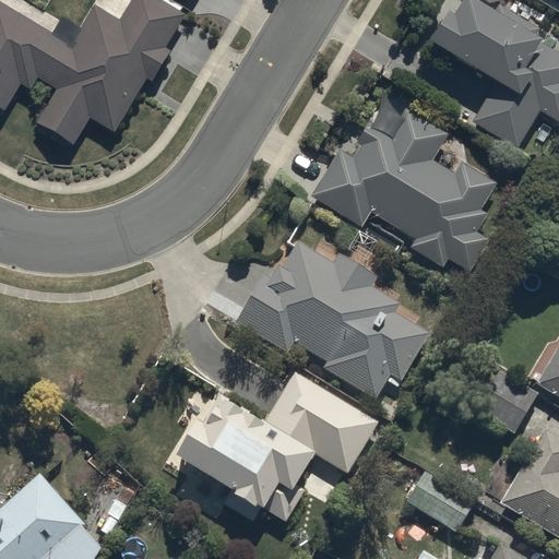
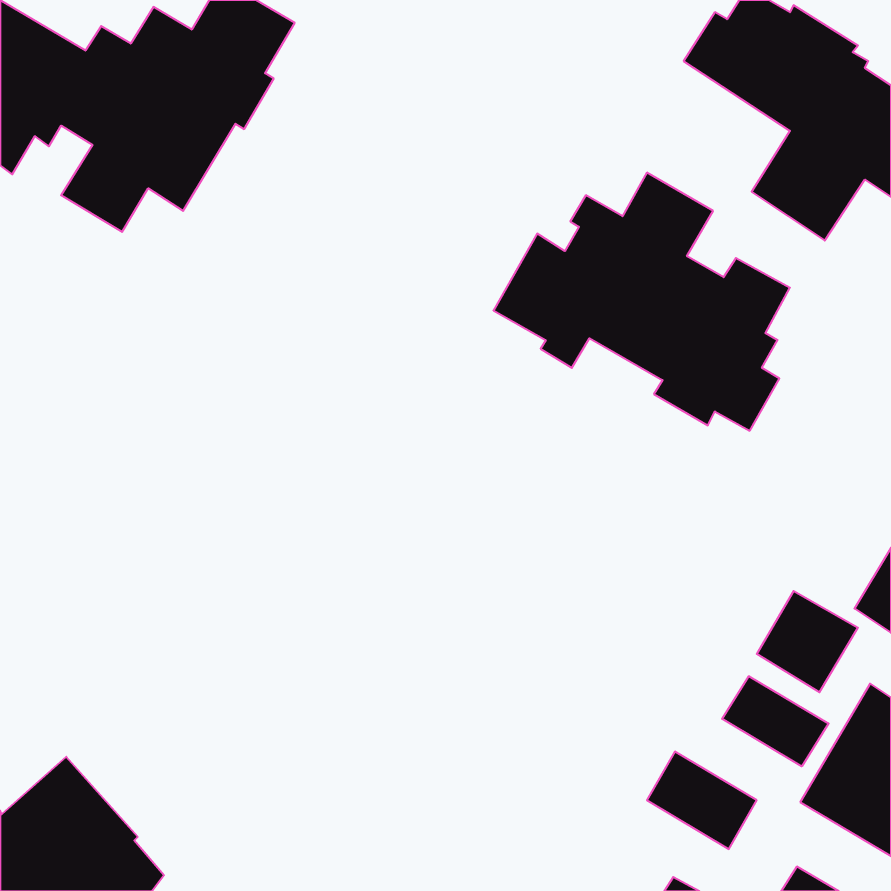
building: [236,241,431,400] -> none
building: [177,378,382,530] -> none
building: none -> [722,676,829,766]

